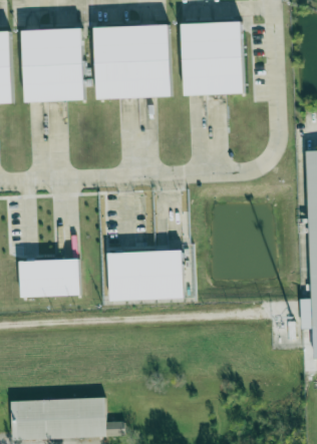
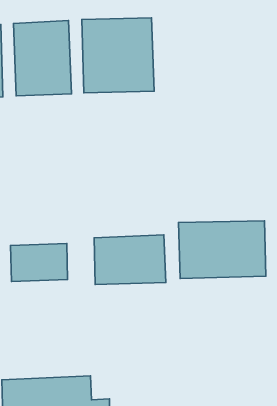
building: [182,17,243,95] -> none
building: none -> [179,221,266,279]

